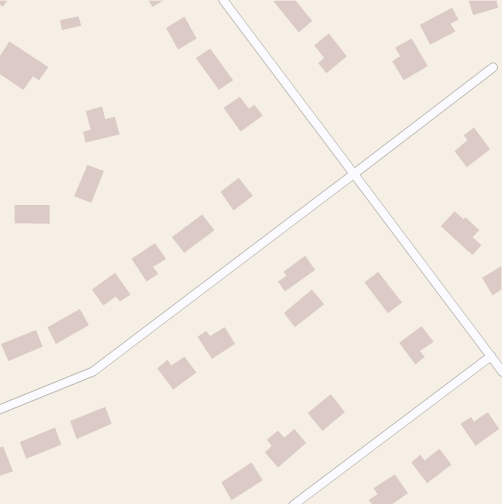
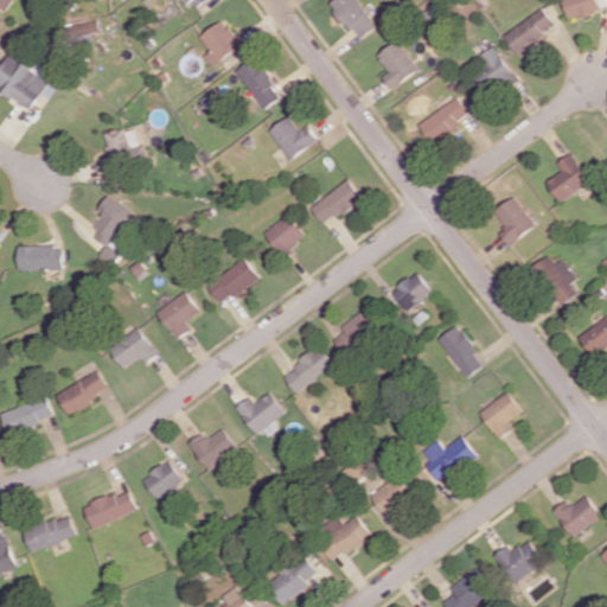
building: none -> [417,97,471,143]
building: none -> [308,179,360,226]
building: none -> [490,197,535,243]
building: none -> [390,271,432,313]
building: [283,289,325,328] -> [281,346,332,394]
building: none -> [417,435,475,481]
building: none -> [141,460,183,500]

